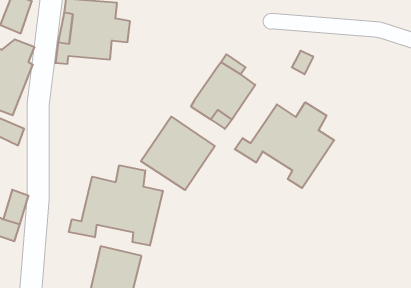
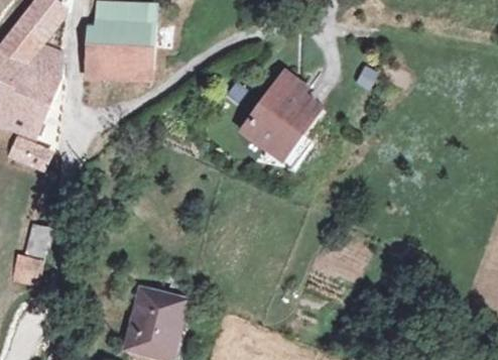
building: [235,102,334,188] -> none
building: [141,117,215,190] -> none
building: [69,165,163,246] -> none

